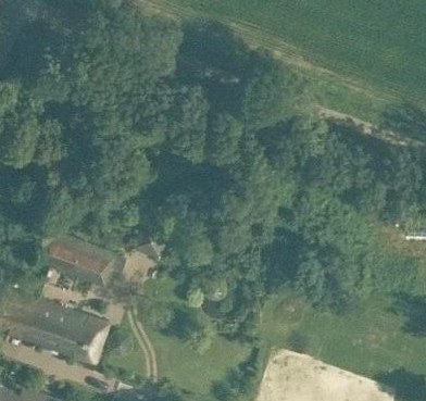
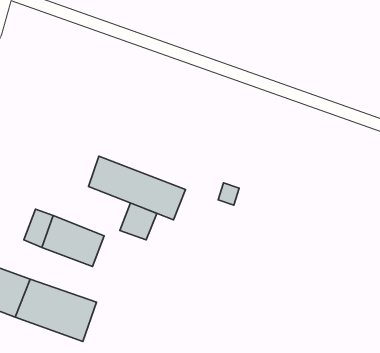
building: none -> [89,156,186,220]

